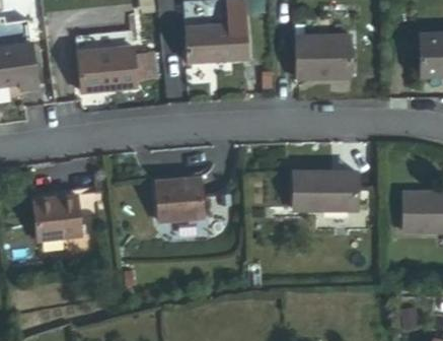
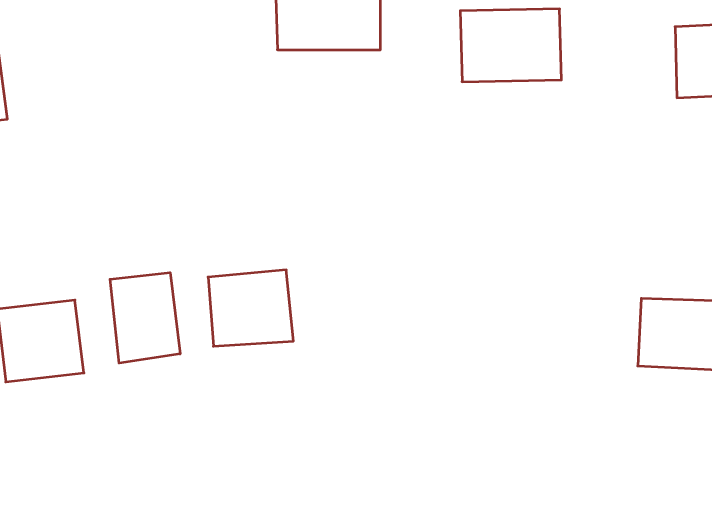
building: [75,42,138,85] -> none
building: [292,170,355,209] -> none
building: none -> [110,273,180,363]

